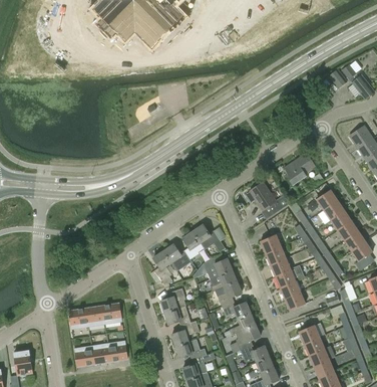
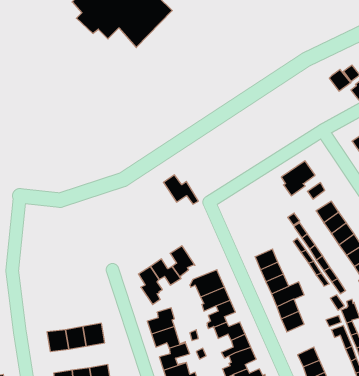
building: [250,182,289,215] -> none
building: [193,224,225,251] -> [163,175,198,204]

